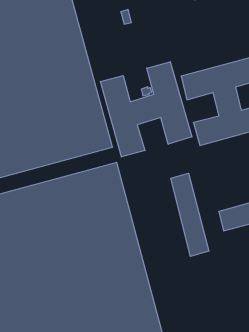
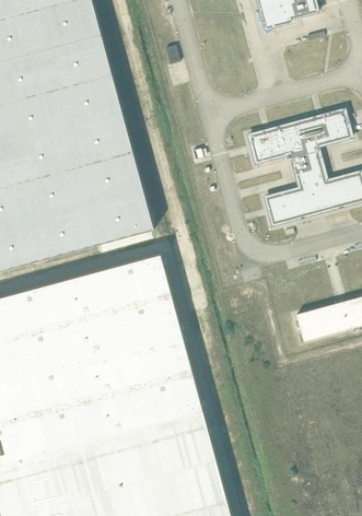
building: [100,62,192,157] -> none
building: [171,173,209,256] -> none

